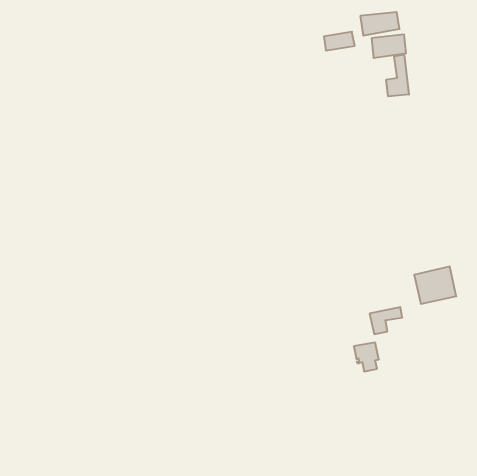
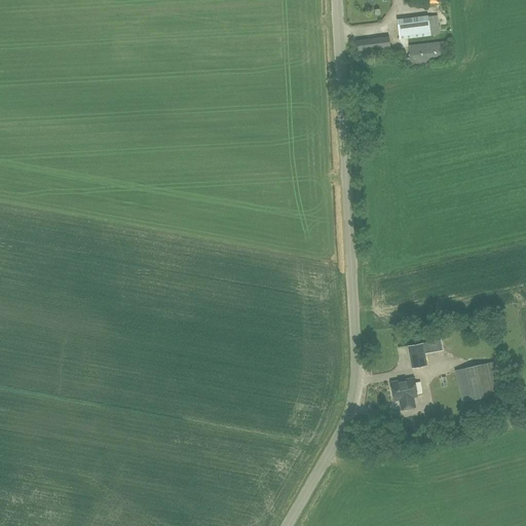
building: [386,55,409,96] -> none
building: [414,266,456,304] -> [454,360,500,401]

